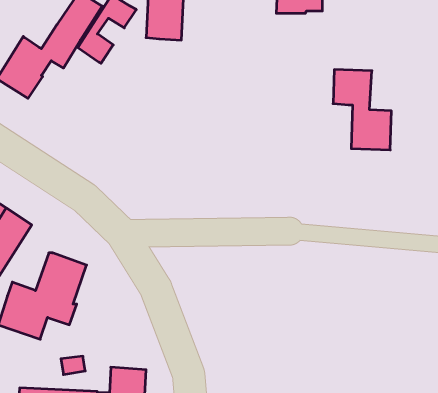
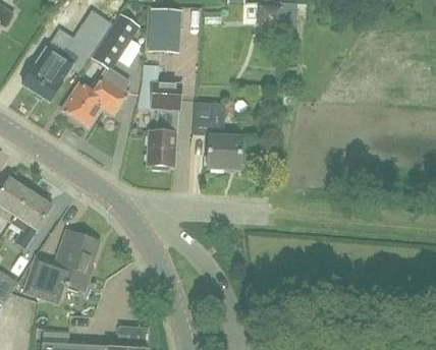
building: none -> [61,71,127,126]
building: [333,70,391,150] -> [192,102,240,169]
building: none -> [147,79,179,168]

